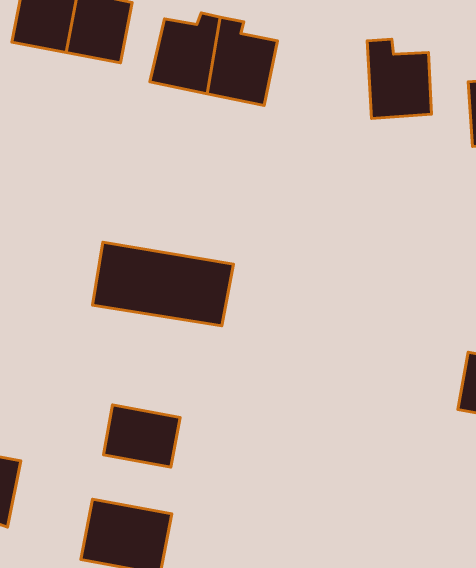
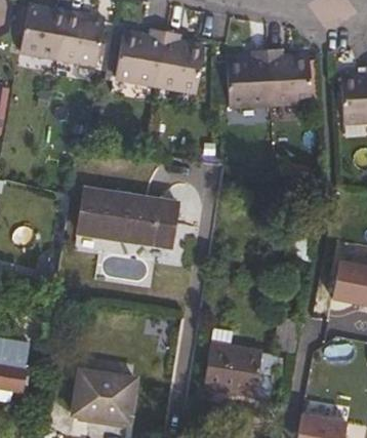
building: none -> [230,48,272,104]
building: [103,405,180,467] -> none
building: none -> [200,349,271,402]

